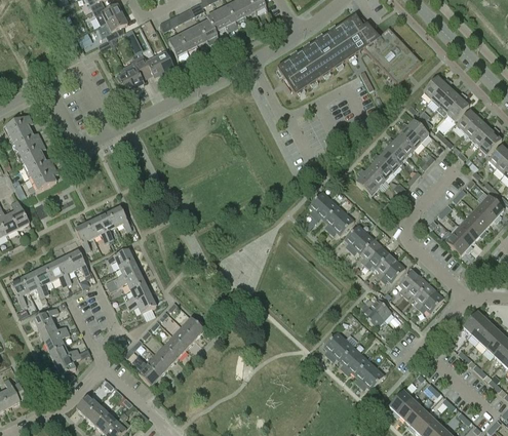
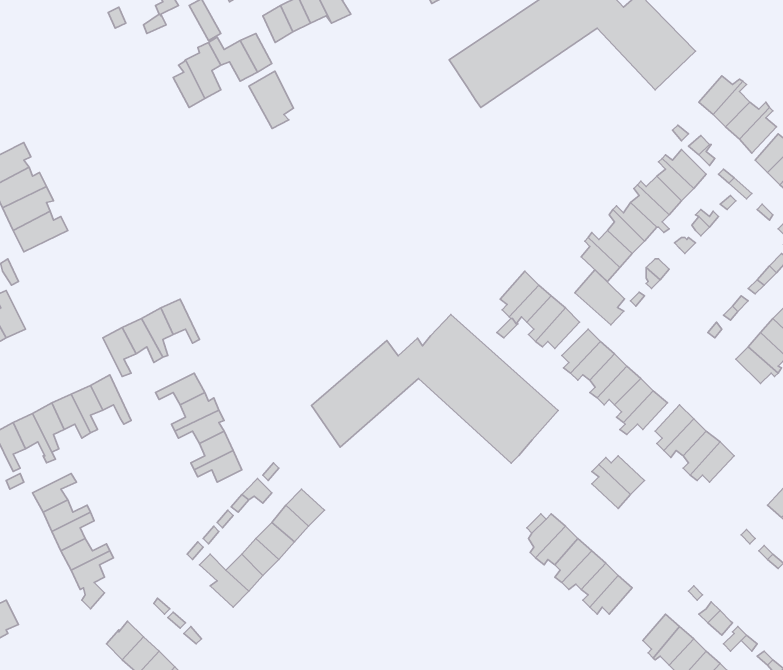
building: none -> [249,71,293,129]
building: [29,166,58,192] -> none
building: none -> [575,270,625,325]
building: none -> [311,314,558,463]

